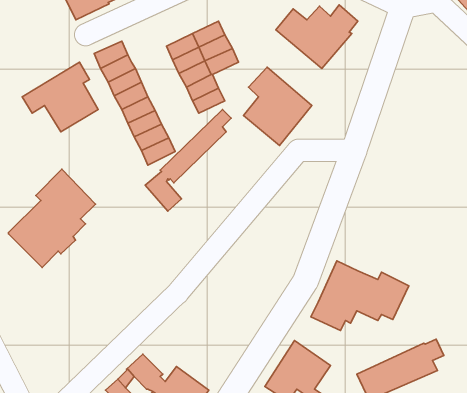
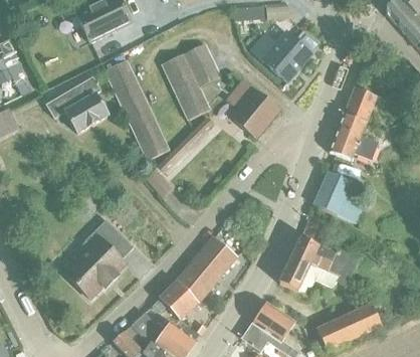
building: none -> [329,86,377,159]
building: [8,169,96,267] -> [62,217,133,297]
building: none -> [312,170,362,221]
building: none -> [159,237,234,319]

